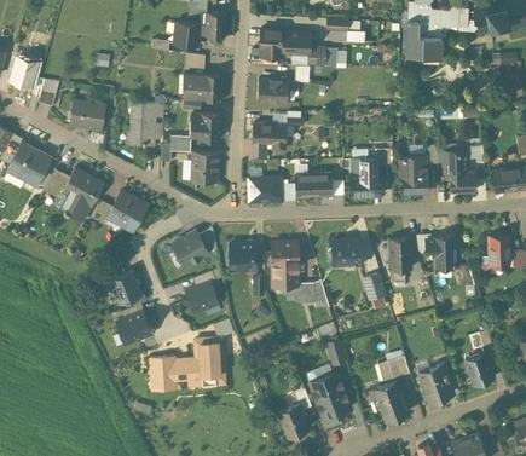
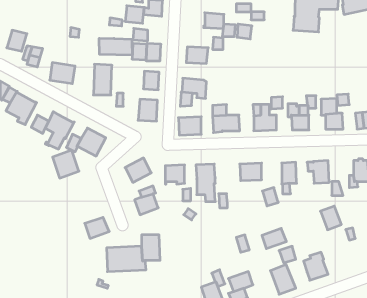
building: [260,29,284,58] -> none
building: none -> [99,38,133,55]
building: [106,265,143,304] -> [53,150,79,178]
building: [464,353,493,386] -> [320,206,341,230]
building: [310,371,343,399] -> [262,228,286,249]

